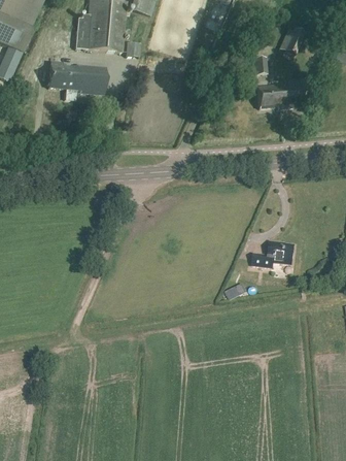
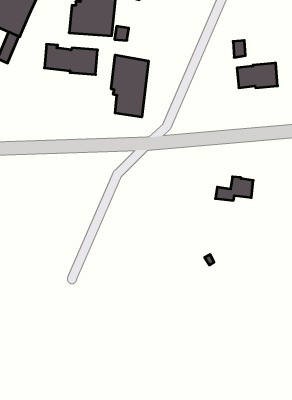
building: [280,25,305,53] -> none
building: none -> [111,55,148,117]
building: [252,240,293,266] -> [215,177,253,200]

